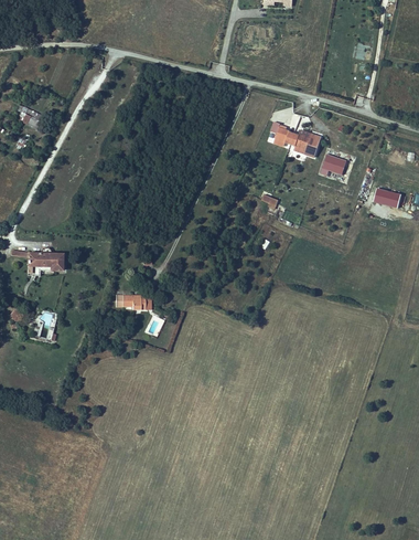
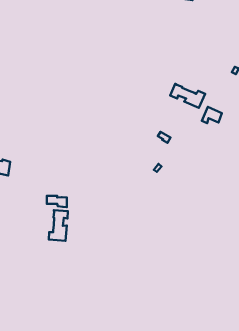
building: none -> [49,210,68,241]

